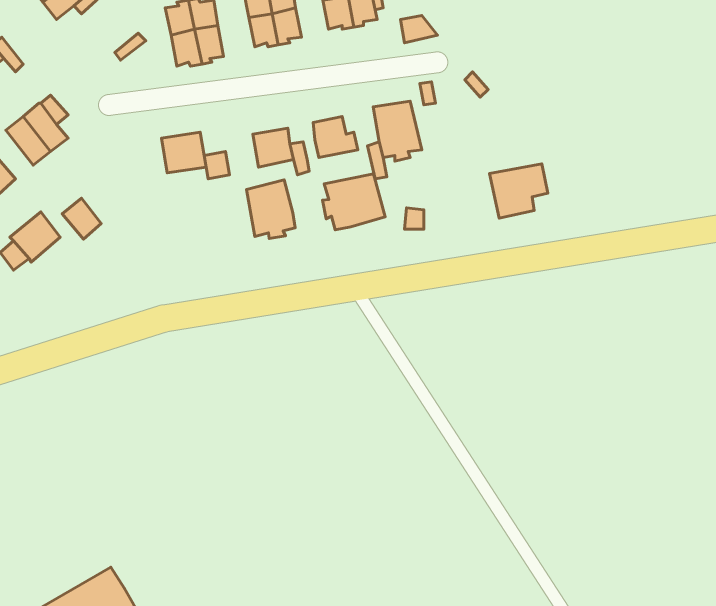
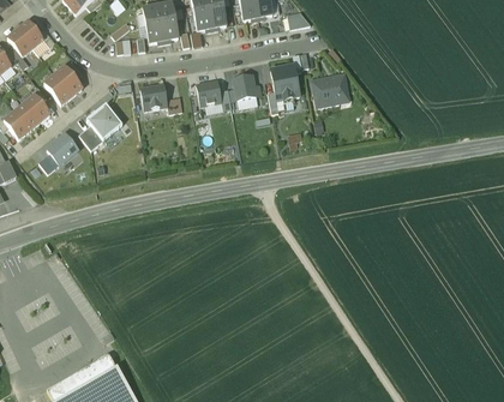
building: none -> [88,102,124,139]
building: [489,164,548,218] -> [312,72,348,106]
building: [323,174,385,230] -> none
building: [246,180,295,239] -> none

